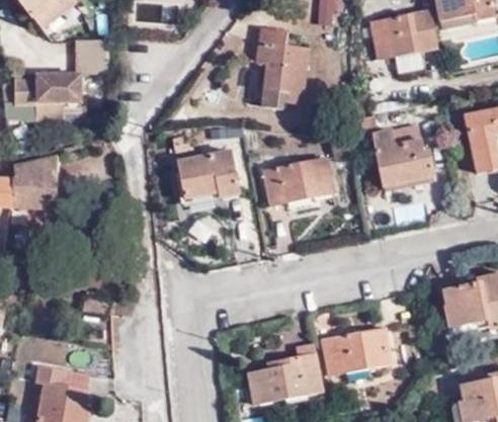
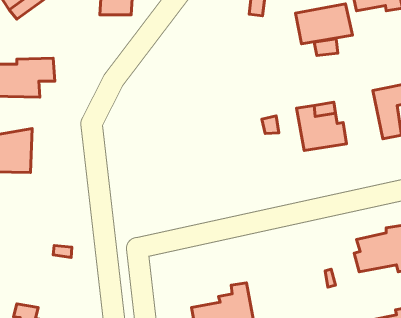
building: [260,25,312,103] -> none
building: [75,36,108,69] -> none
building: [182,156,242,202] -> none
building: [266,163,334,209] -> none
building: [324,327,389,375] -> none

